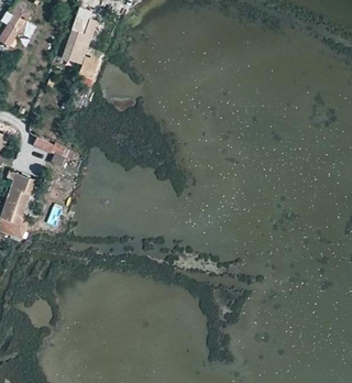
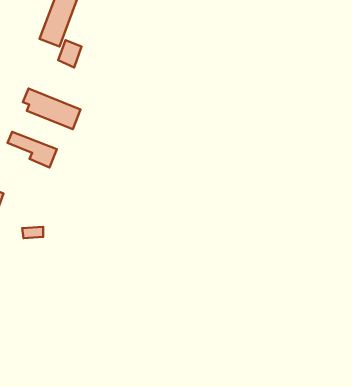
building: none -> [23,89,81,129]

